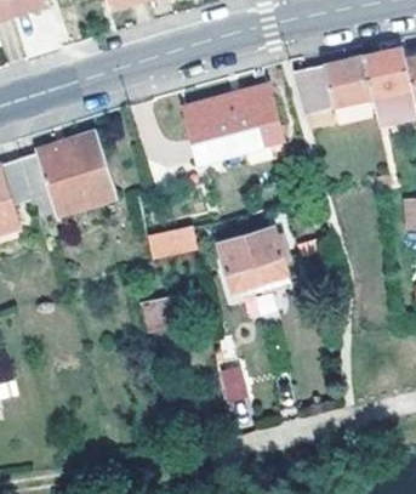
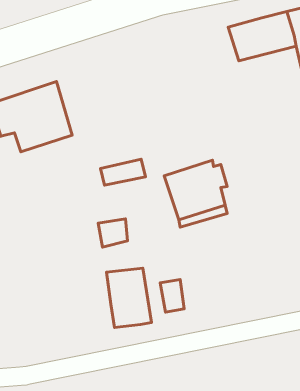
building: [184,86,281,161] -> none
building: none -> [107,268,151,328]

